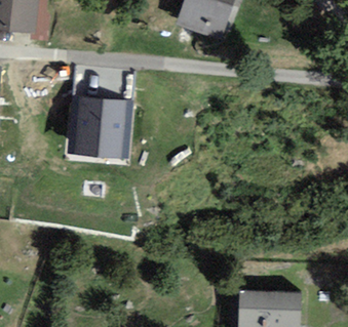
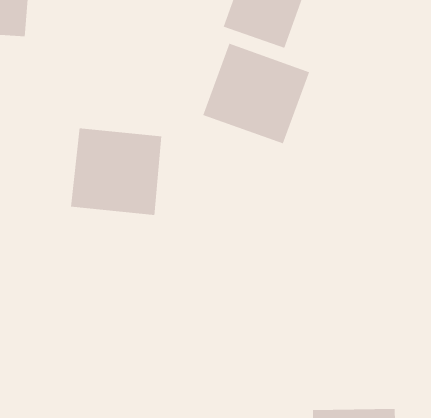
building: none -> [203,43,310,144]

